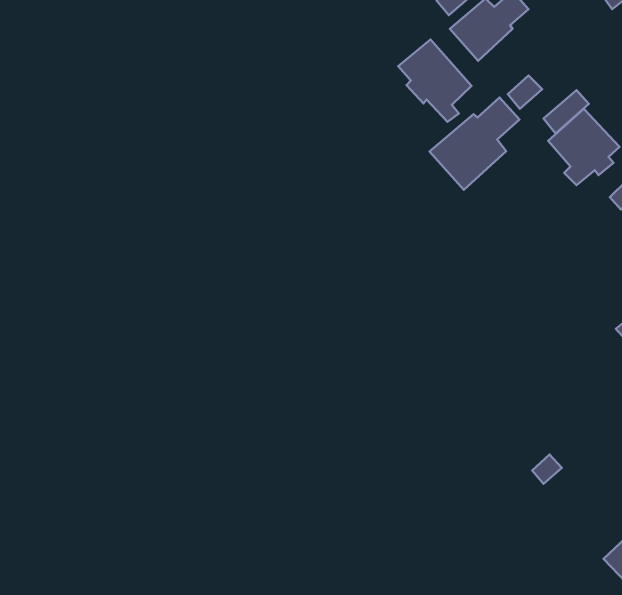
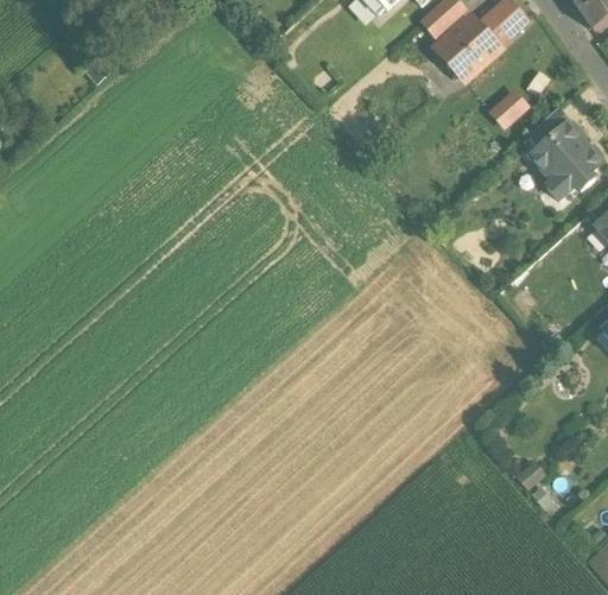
building: [398,39,472,122] -> none
building: [429,98,519,190] -> none

